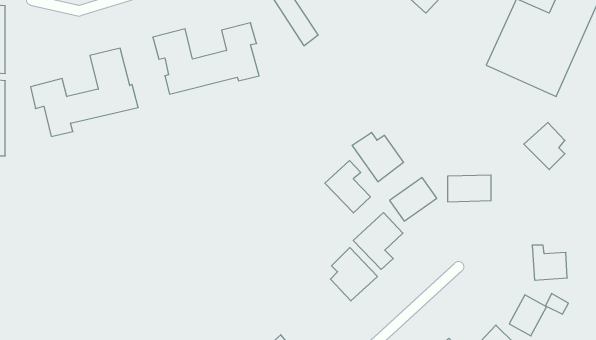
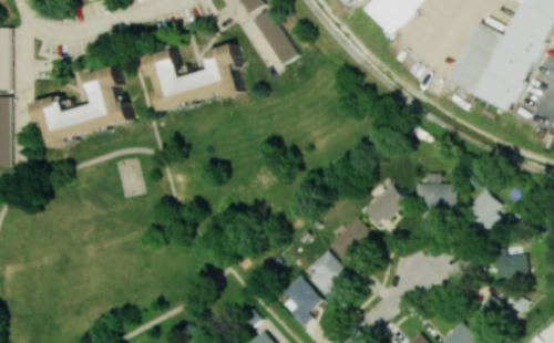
building: [524,122,565,170] -> [463,188,501,231]
building: [352,132,404,182] -> none
building: [325,161,370,213] -> none
building: none -> [281,274,321,325]

